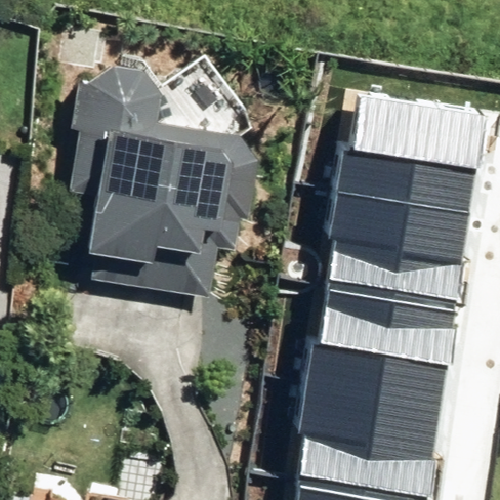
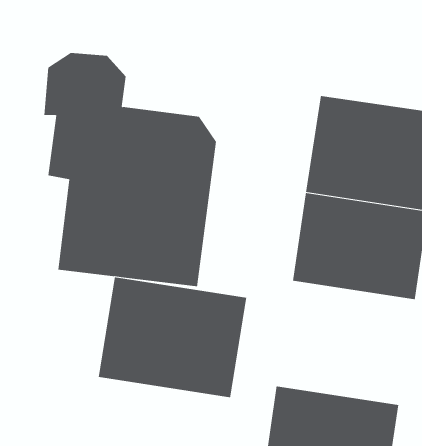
building: none -> [98,277,247,398]
building: [311,289,454,416] -> none

